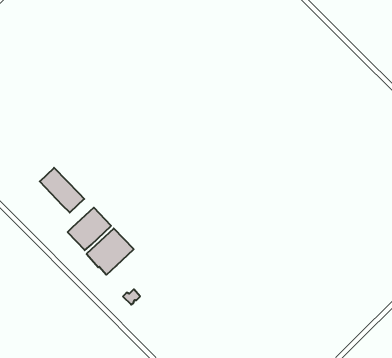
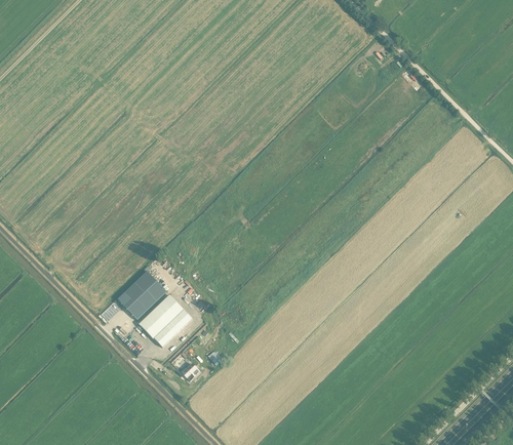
building: [40,168,84,213] -> none

